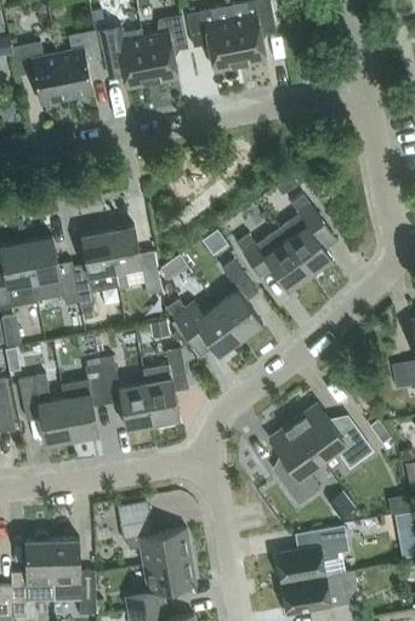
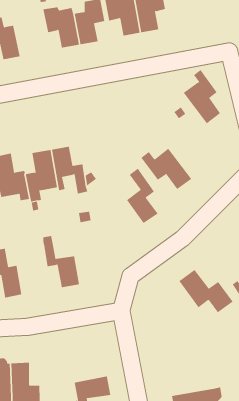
building: [57,30,101,98] -> none
building: [279,195,334,274] -> [183,69,221,124]
building: [167,298,243,355] -> none
building: [142,351,187,426] -> none
building: [59,364,104,440] -> none
building: [269,421,322,503] -> none
building: [120,519,192,566] -> none
building: [278,526,351,586] -> none

